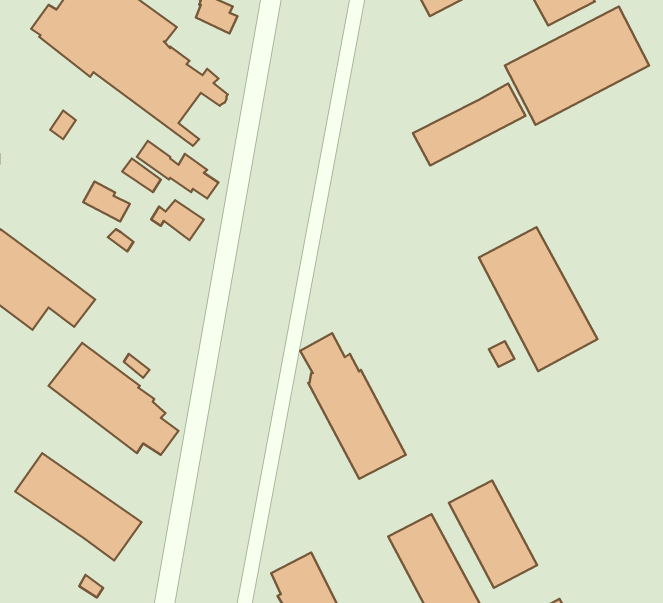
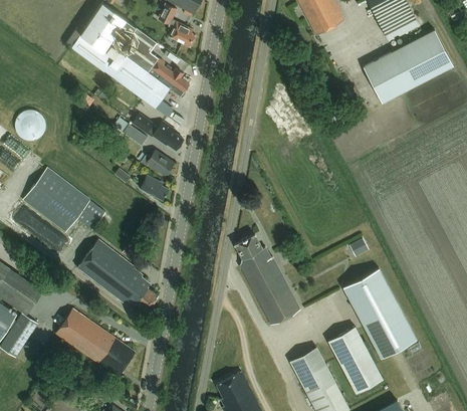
building: [413,83,525,166] -> none
building: [83,181,130,221] -> [140,176,169,201]
building: [479,227,597,371] -> [342,268,417,359]

